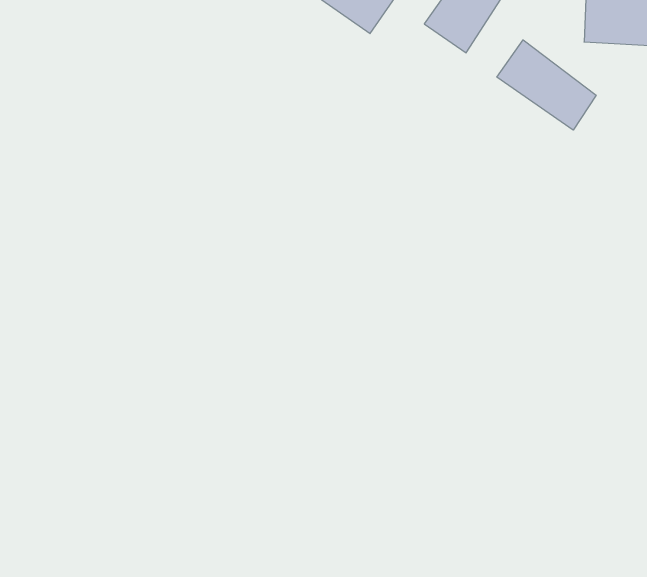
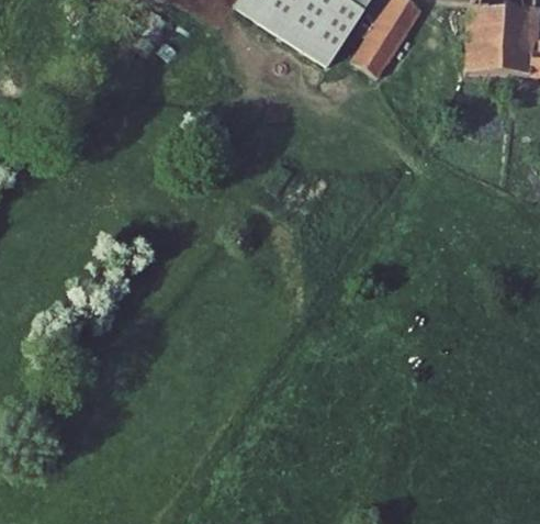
building: [497,40,596,130] -> none

